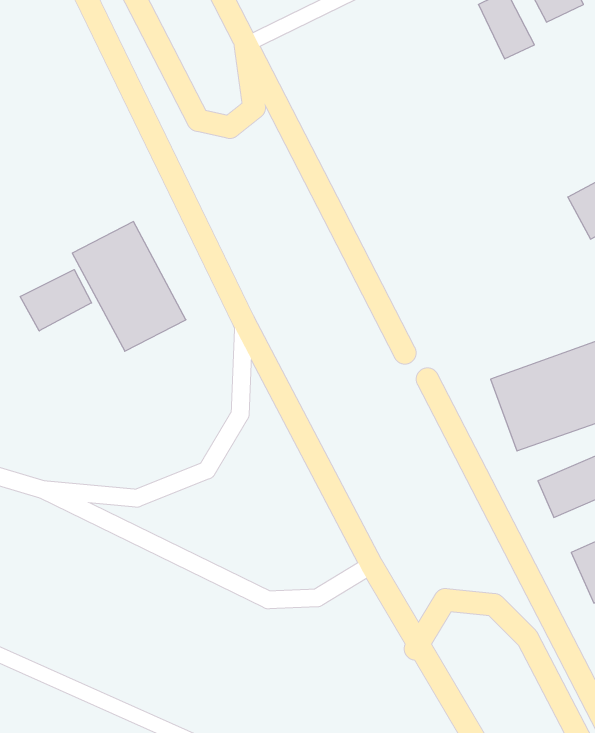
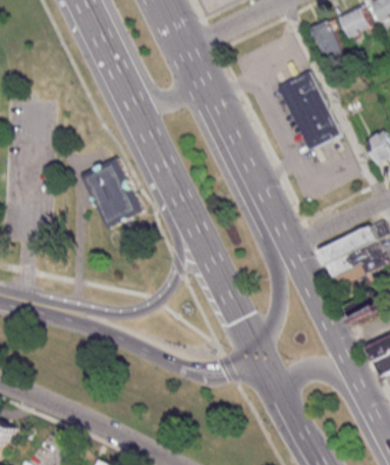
building: none -> [278,70,339,150]
building: [20,270,92,331] -> none

